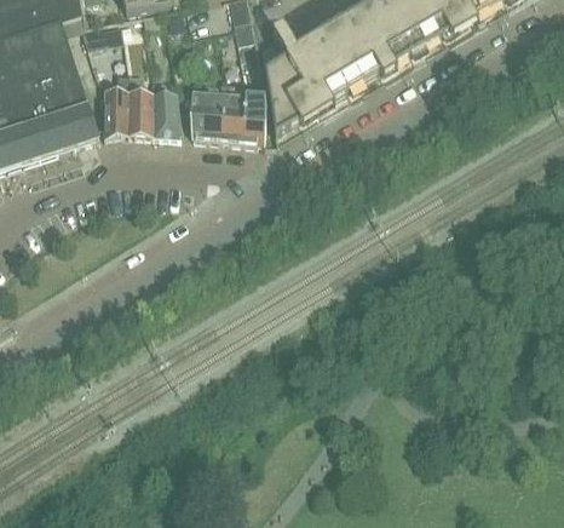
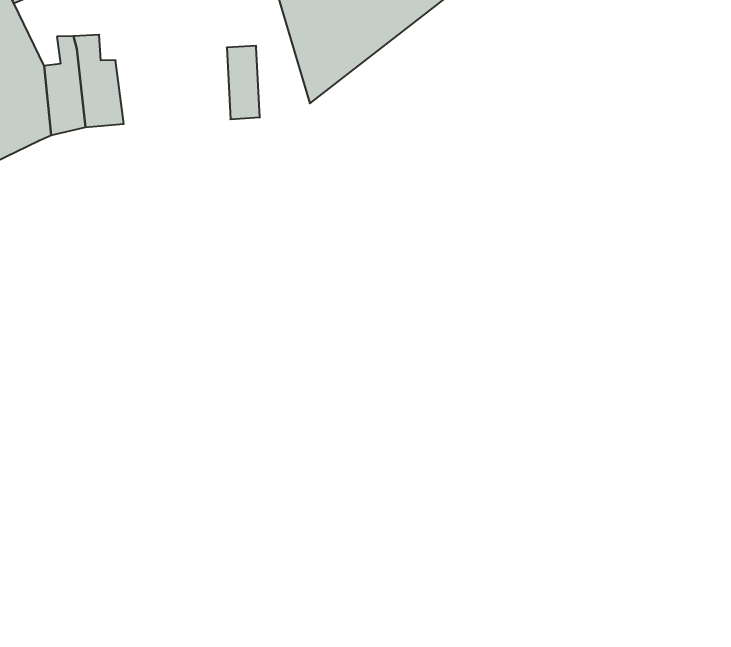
building: [151,79,179,134] -> none
building: [190,88,225,138] -> none
building: [241,92,264,140] -> none

